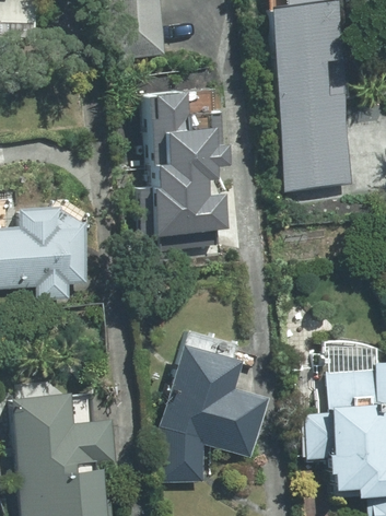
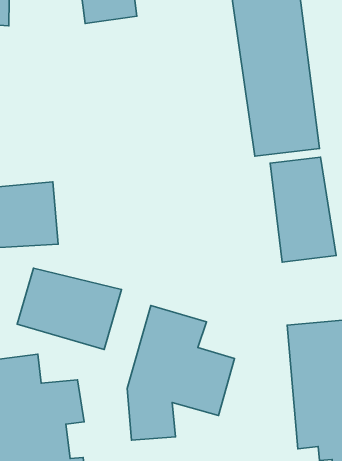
building: [139,96,242,256] -> none
building: none -> [270,157,336,262]
building: none -> [17,268,121,350]

